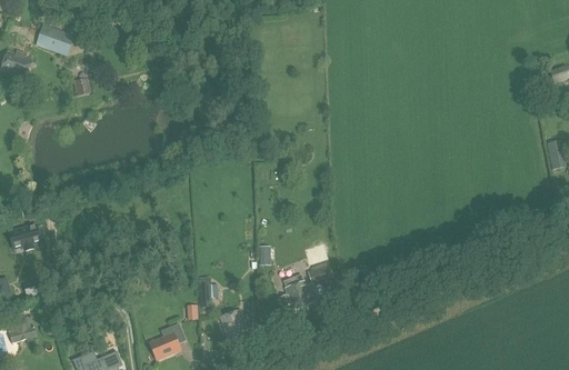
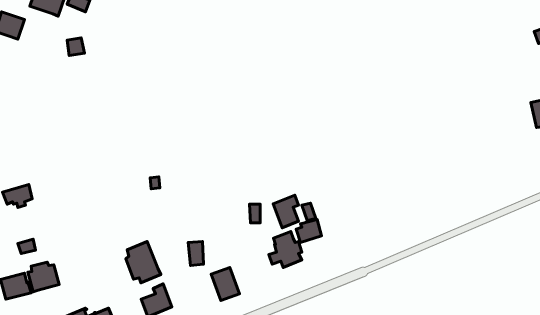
building: none -> [273,195,299,228]
building: none -> [126,242,161,283]
building: none -> [28,262,59,292]

